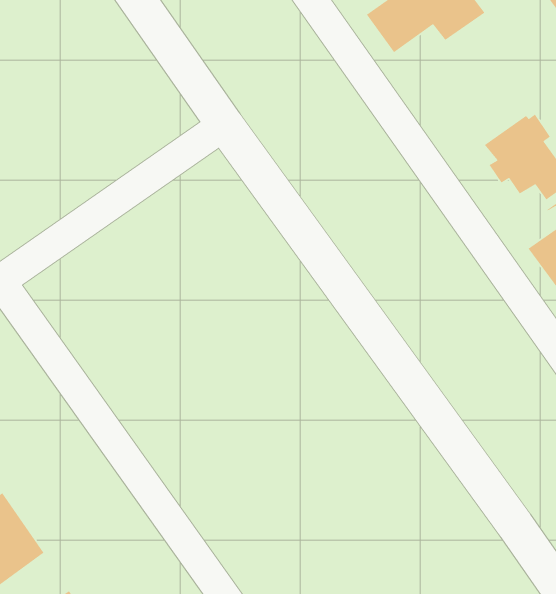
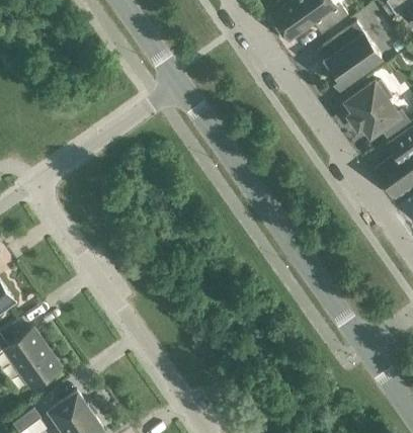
building: none -> [322,23,382,87]

